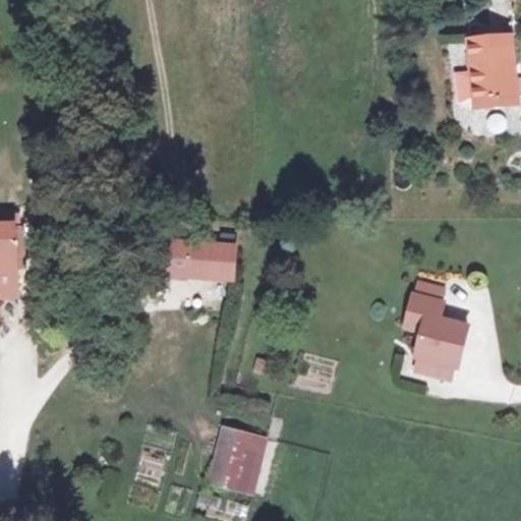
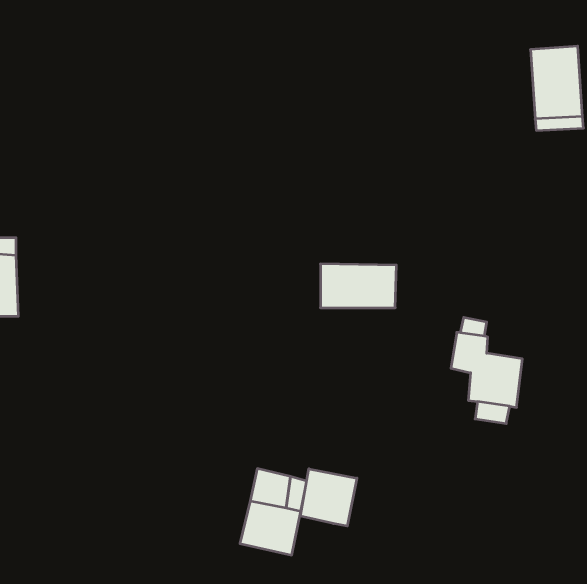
building: [176,242,243,281] -> [320,264,396,308]
building: none -> [301,469,357,526]

